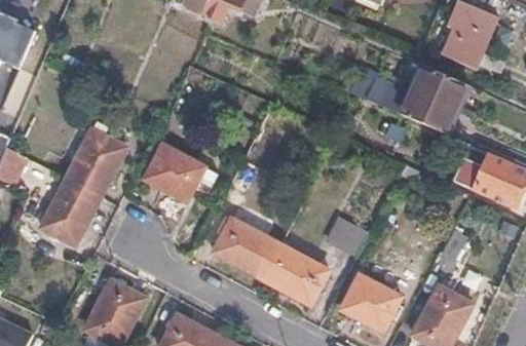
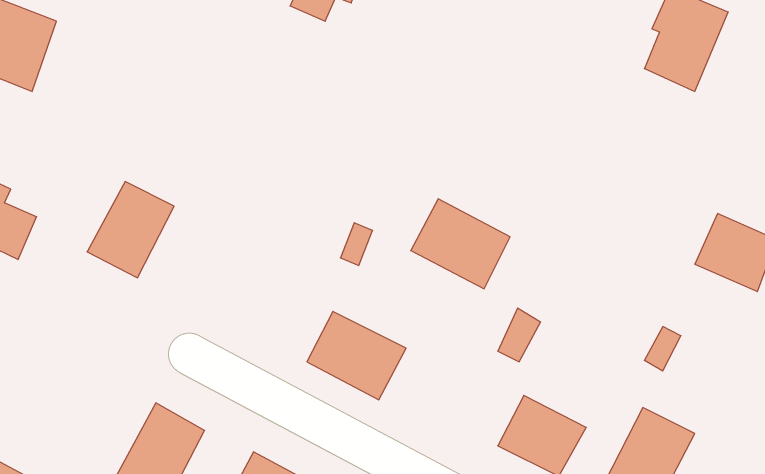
building: [369,66,468,133] -> none
building: [143,144,204,206] -> none
building: [40,179,99,243] -> none
building: [261,243,328,304] -> [411,199,510,289]

